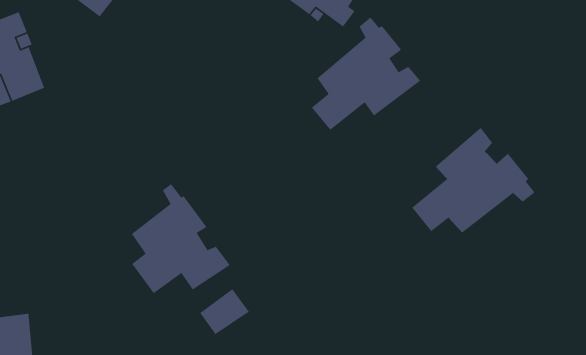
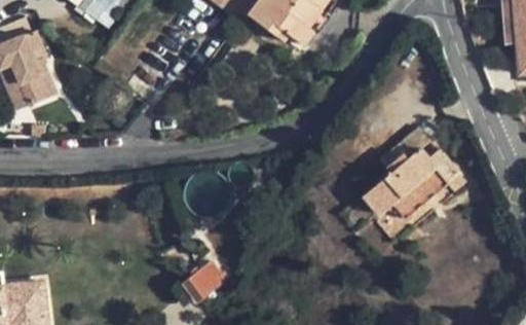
building: [311,17,421,131] -> none
building: [131,183,231,294] -> none

